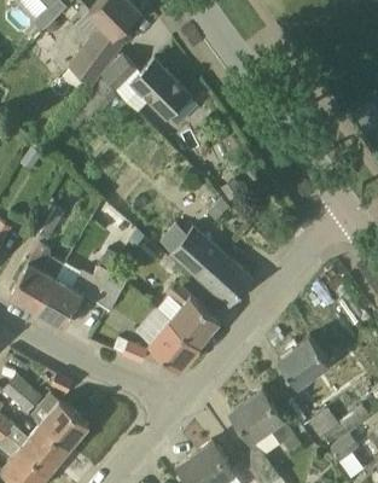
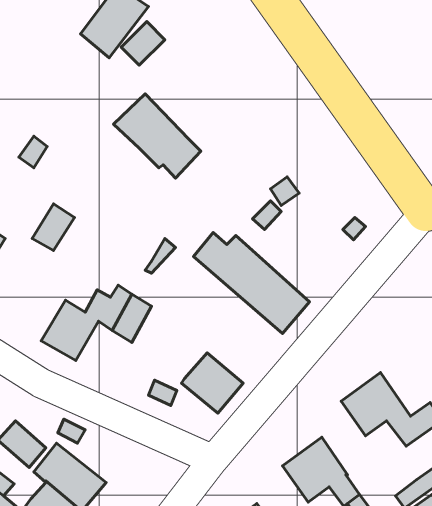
building: [128,59,198,127] -> [114,94,201,178]
building: [10,245,57,312] -> none
building: [167,284,220,345] -> none

